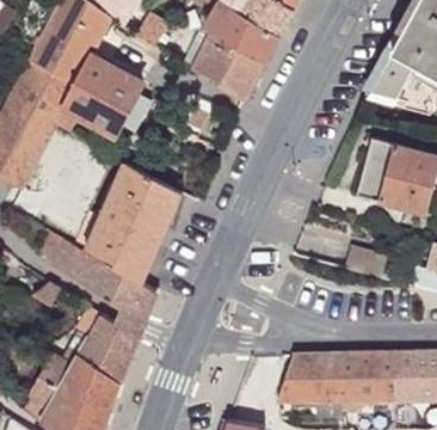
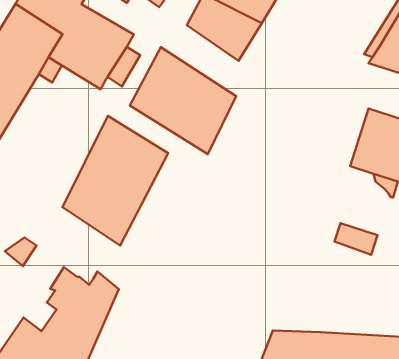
building: none -> [130,47,236,154]
building: [38,232,156,325] -> none

